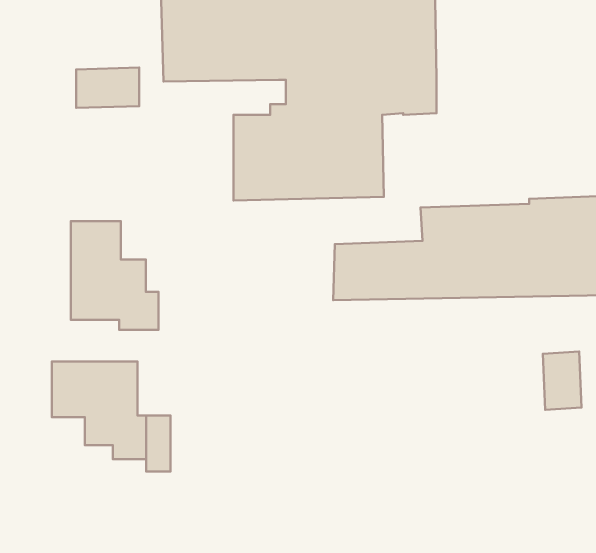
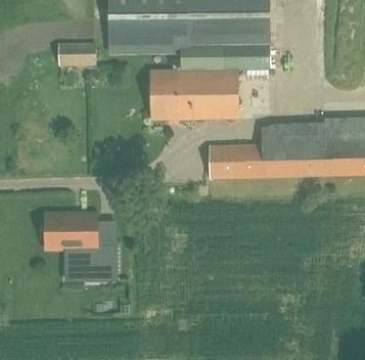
building: [71,221,158,330] -> none
building: [543,352,581,410] -> none

